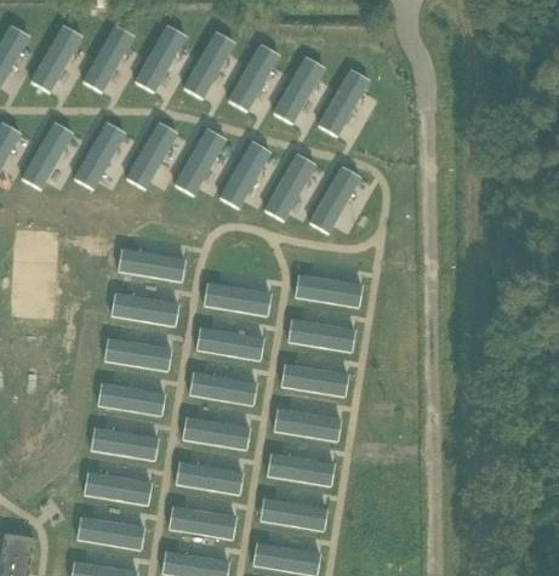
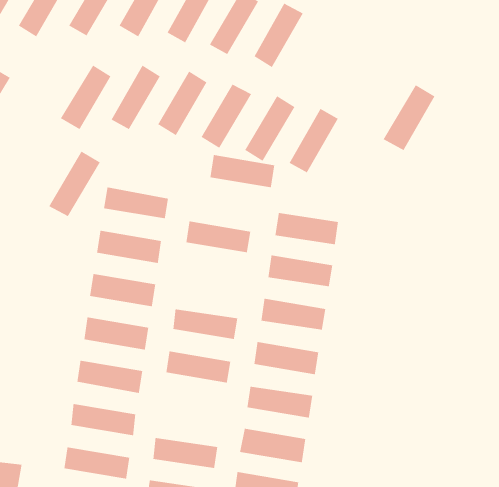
building: [316,67,371,136] -> [383,84,435,151]
building: [19,120,74,189] -> [48,150,101,217]
building: [195,326,263,361] -> [210,154,275,188]
building: [175,460,244,495] -> none

